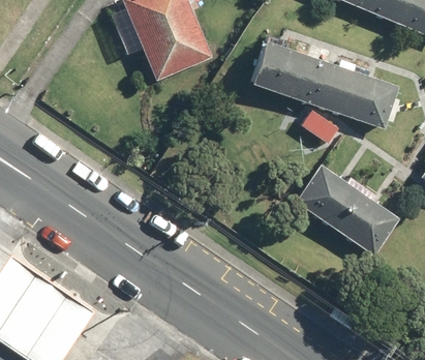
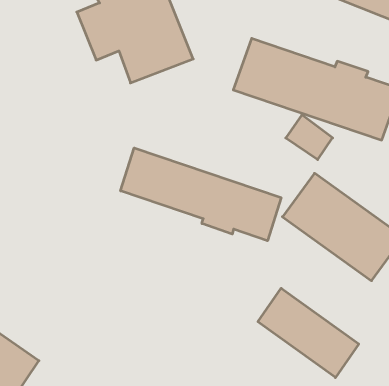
building: none -> [121,148,281,241]
building: none -> [258,288,359,378]

